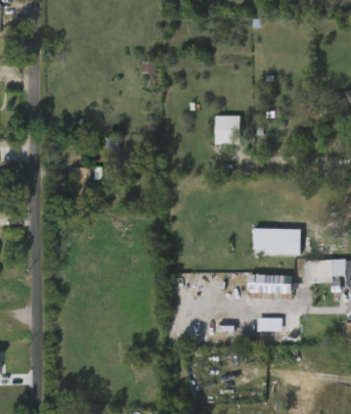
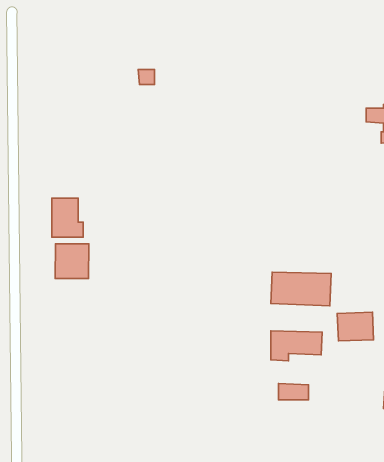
building: [218,117,244,146] -> none
building: none -> [55,244,89,278]

